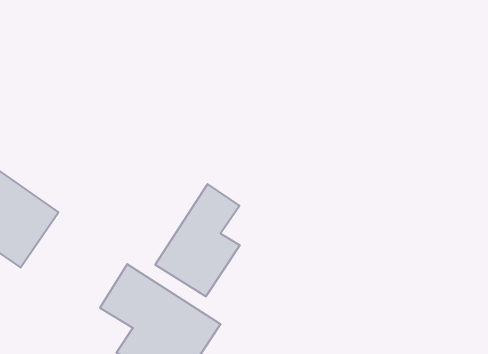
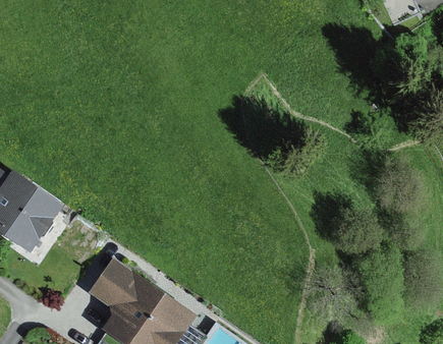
building: [155,184,240,297] -> none

